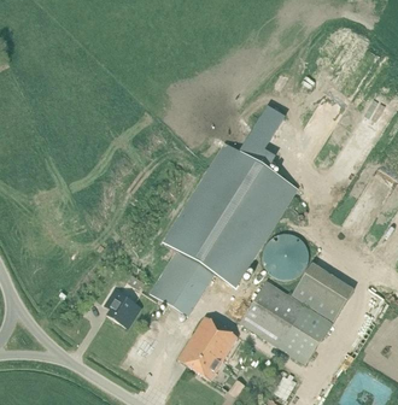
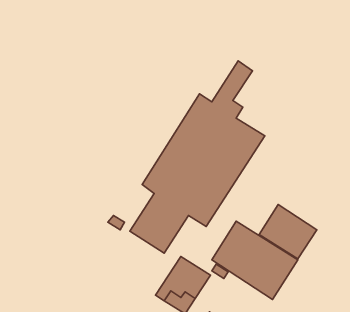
building: [262,233,308,278] -> none
building: [106,289,136,327] -> none

